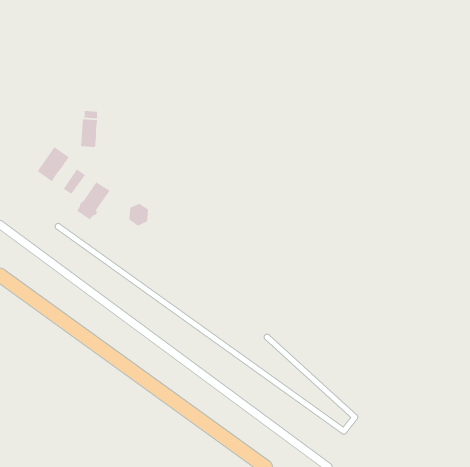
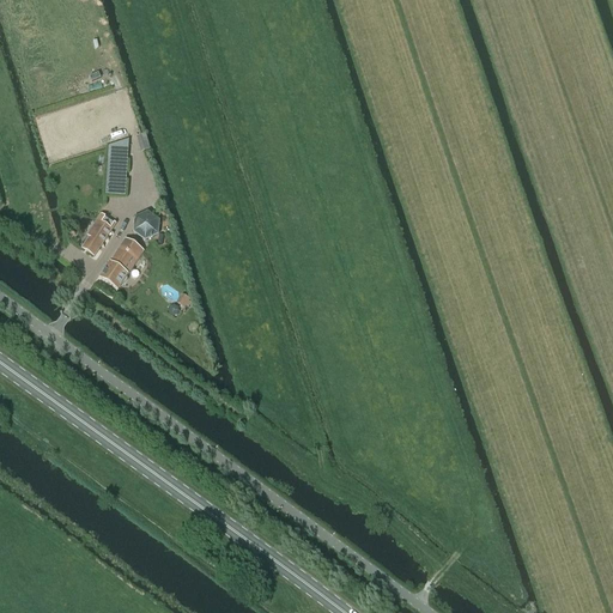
building: [37,146,70,182] -> none
building: [129,203,149,226] -> [134,208,160,238]

